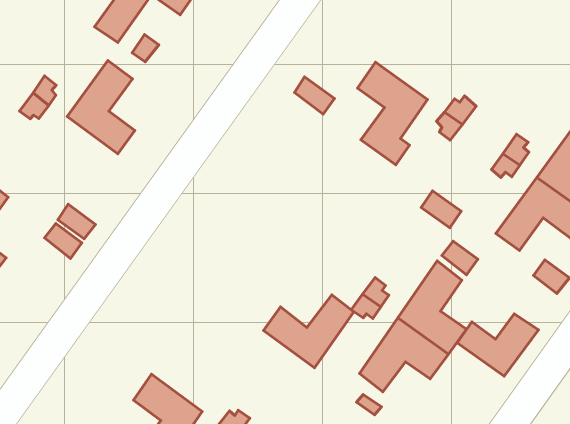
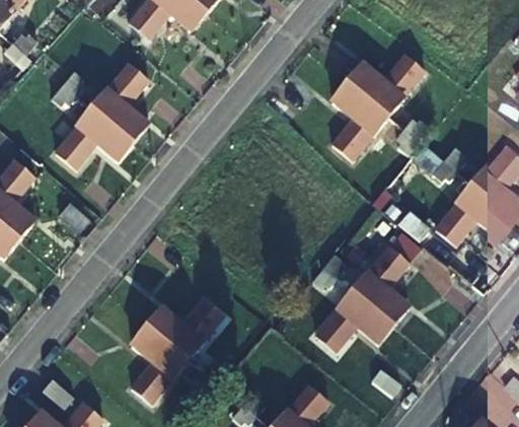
building: none -> [348,56,423,114]
building: none -> [47,108,132,179]
building: [264,295,354,368] -> [147,298,222,357]
building: [457,314,539,376] -> none

